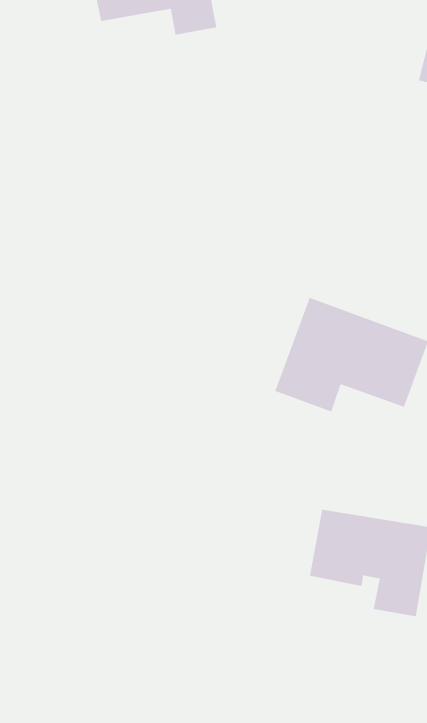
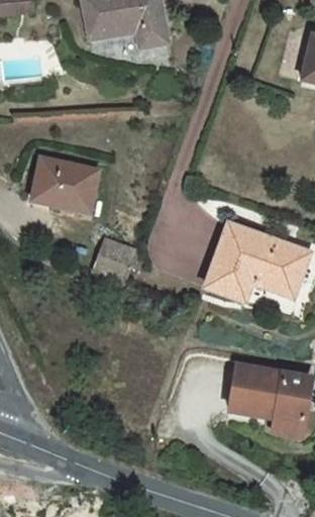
building: none -> [32,159,98,212]
building: none -> [94,239,135,282]

